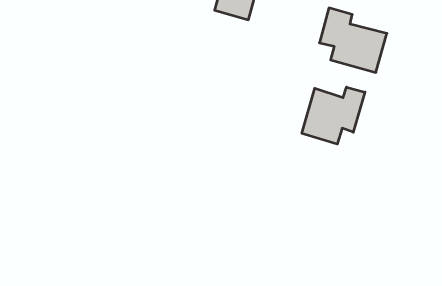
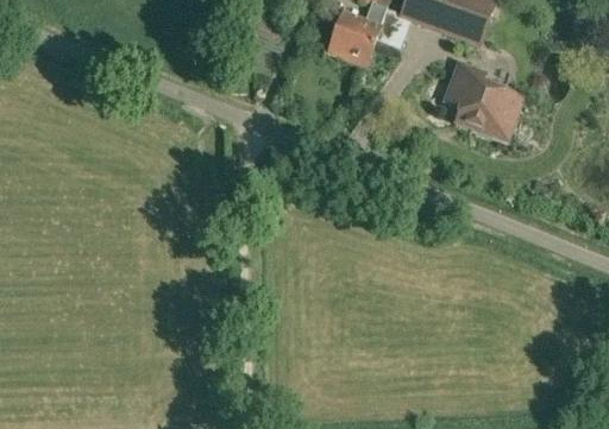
building: [302,87,365,144] -> none

